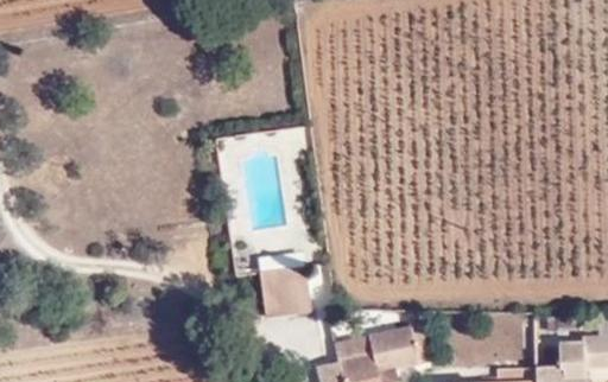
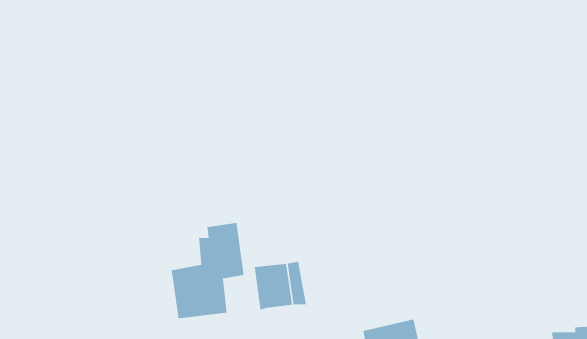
building: none -> [171,222,244,319]

